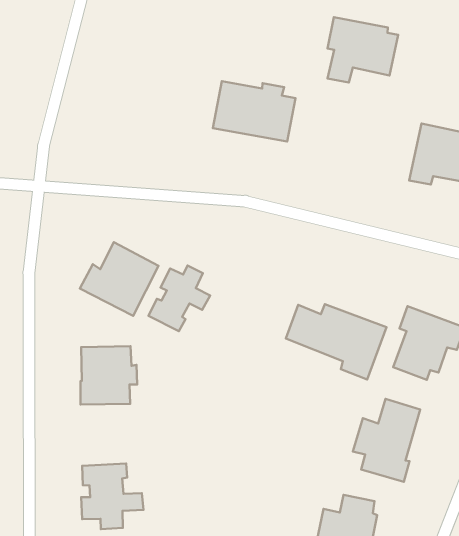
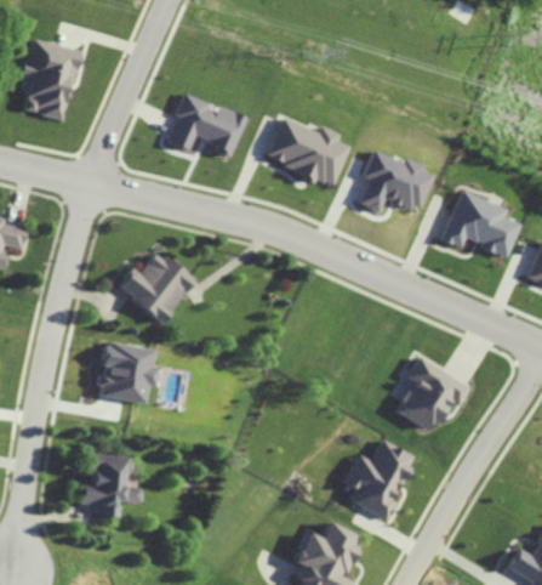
building: [327,17,398,82] -> [355,149,428,212]
building: none -> [169,95,245,154]
building: [148,266,210,331] -> none
building: [286,304,386,379] -> none

